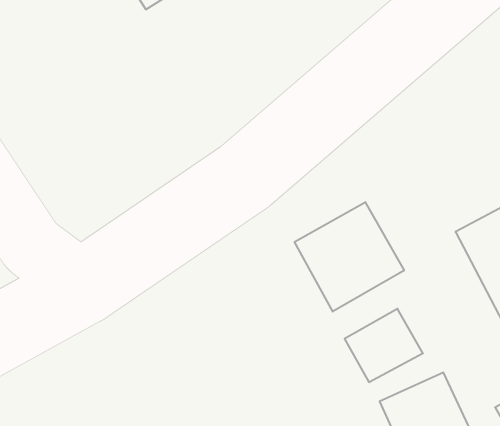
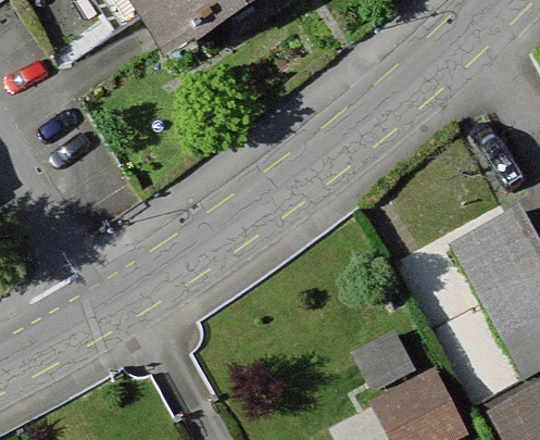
building: [295,202,404,312] -> none

